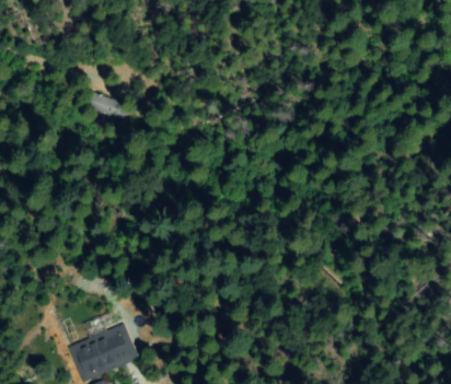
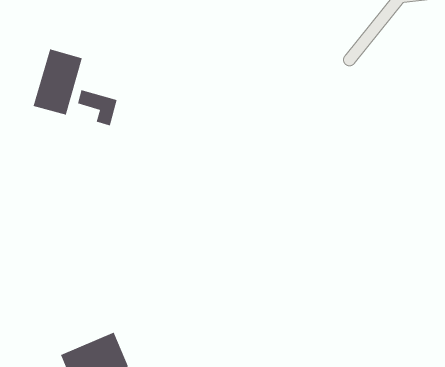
building: none -> [33,48,82,116]

